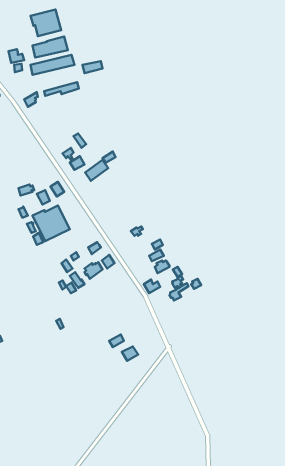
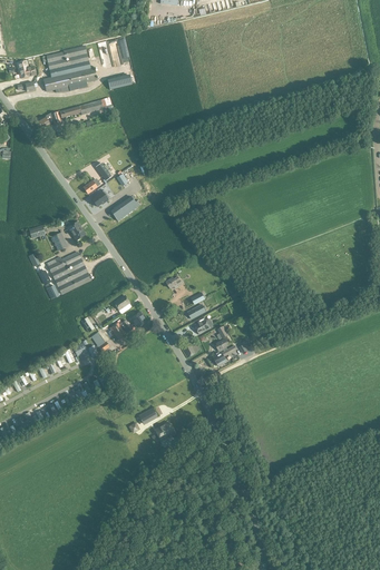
building: [30,9,61,36] -> none

